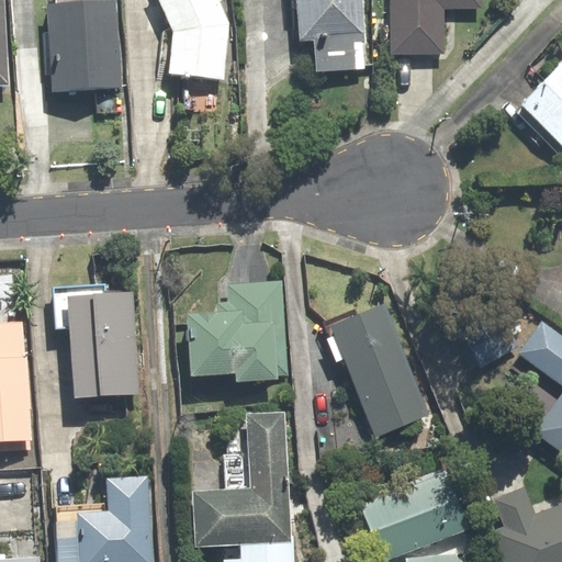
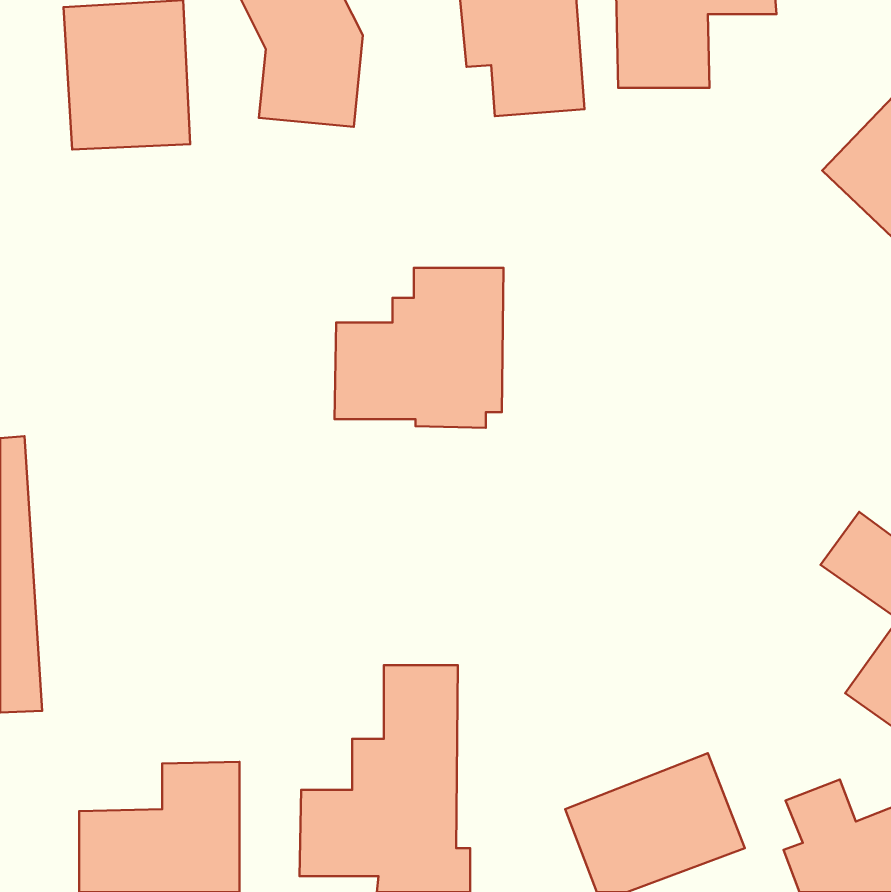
building: [53,283,139,402] -> none
building: [181,283,286,383] -> [334,268,504,428]
building: [326,302,431,439] -> none

